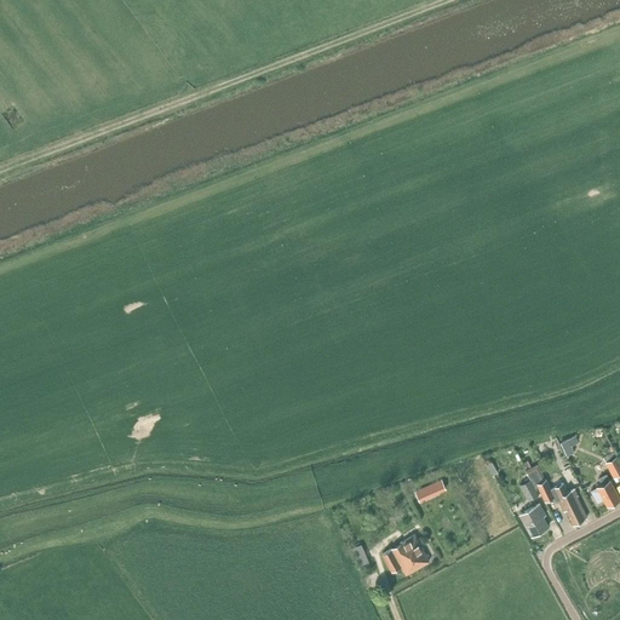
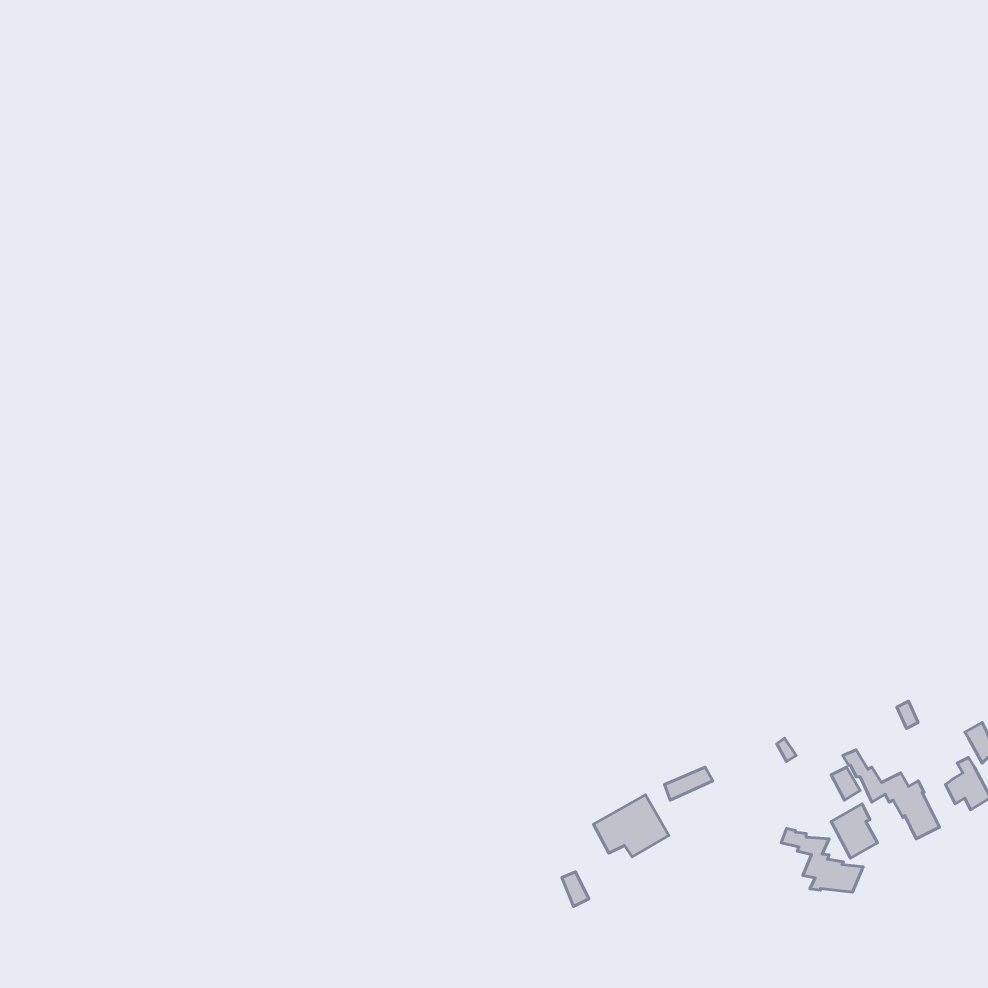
building: none -> [781,828,863,892]
building: [383,536,430,575] -> [593,795,669,857]

